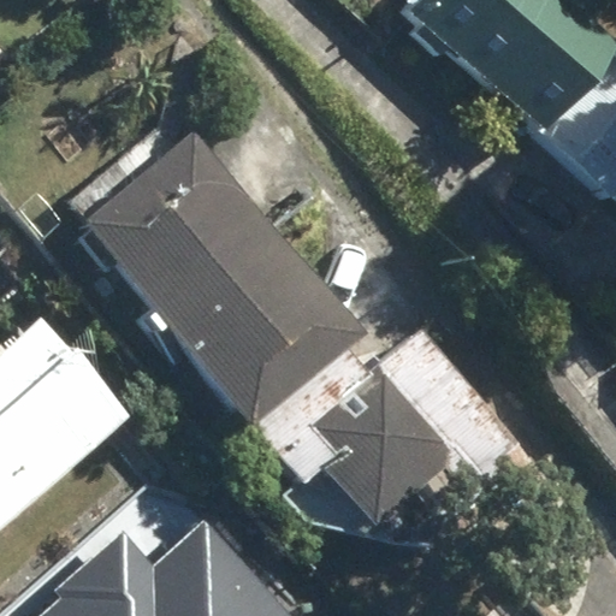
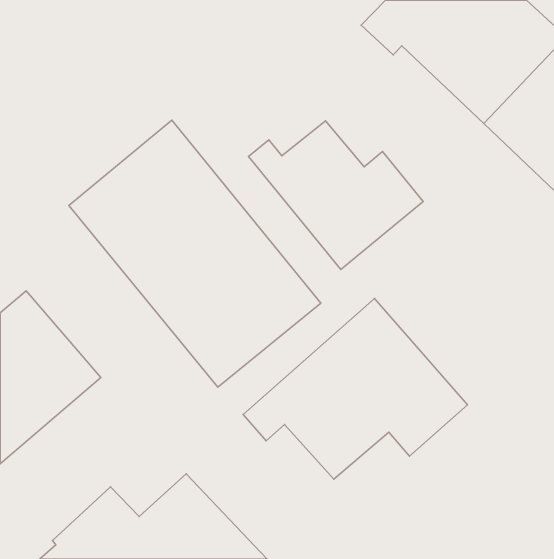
building: none -> [248,121,423,269]

